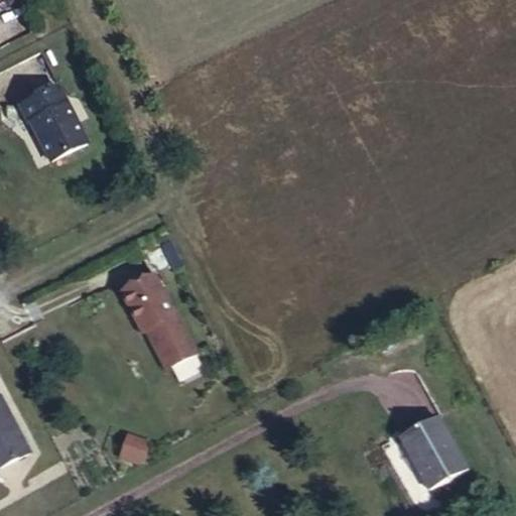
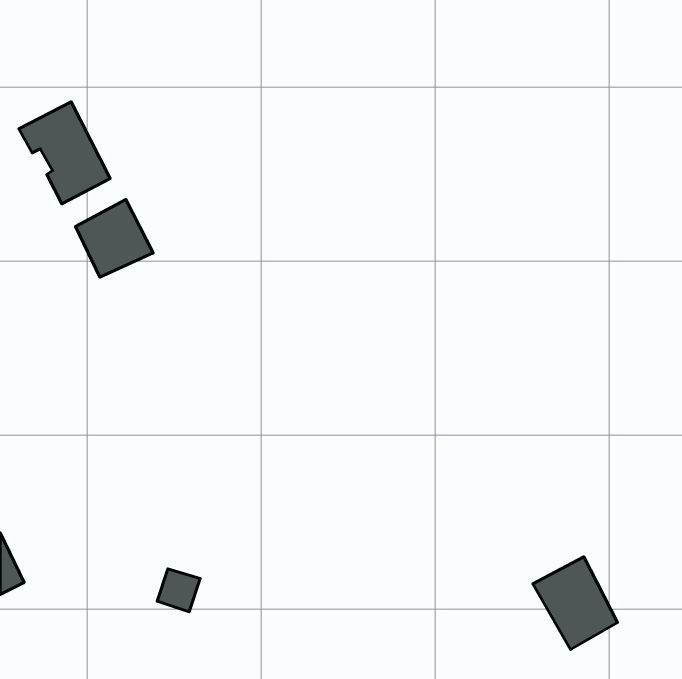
building: none -> [75,200,153,277]
building: [116,274,195,372] -> none

